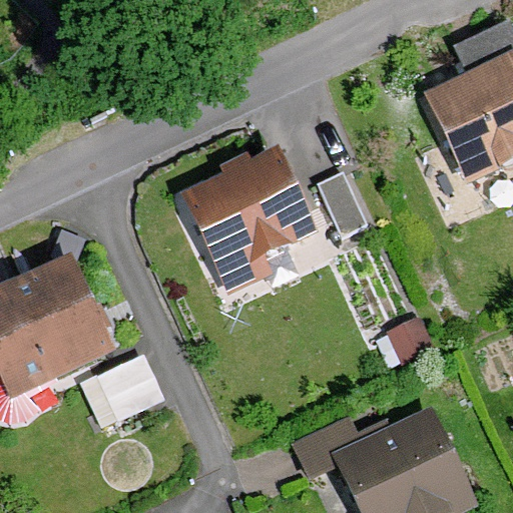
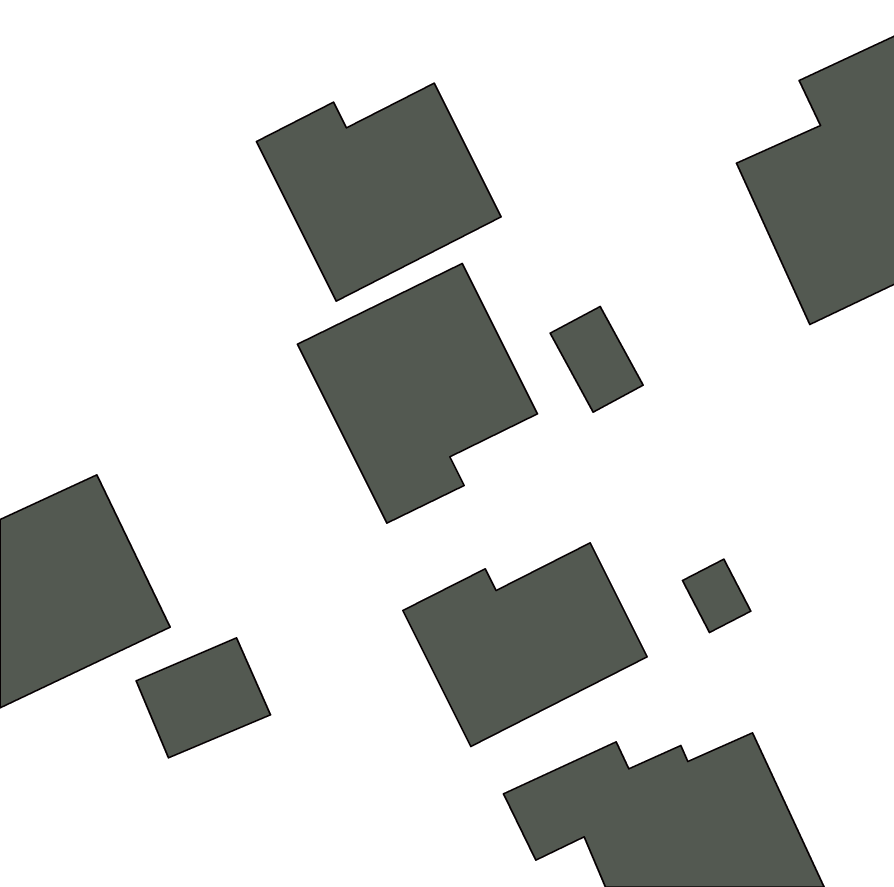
building: none -> [257,83,501,301]
building: none -> [403,543,647,747]

